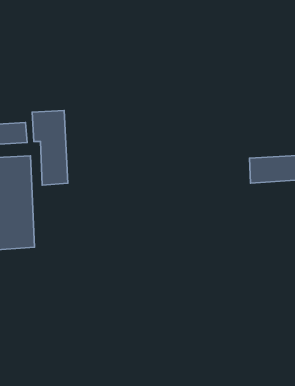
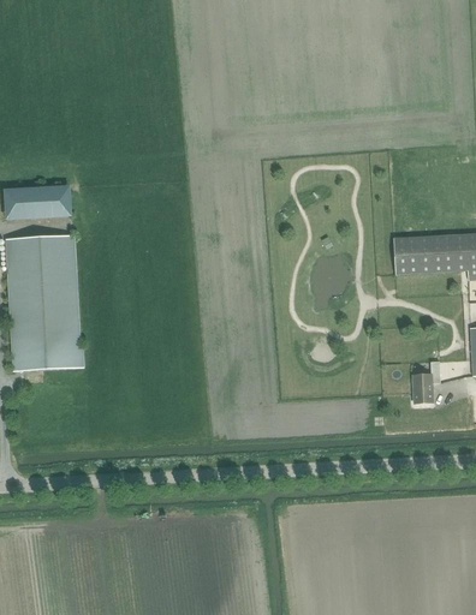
building: [32,110,68,185] -> none
building: none -> [411,360,439,402]

